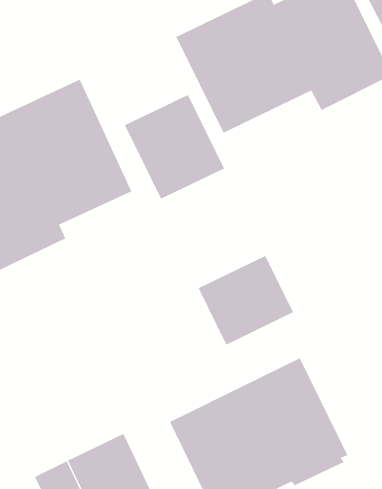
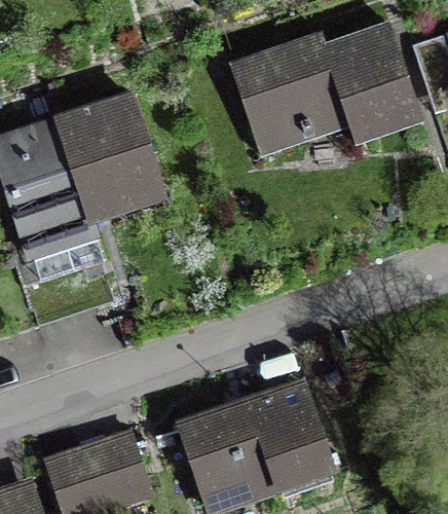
building: [124,94,225,200] -> none
building: [198,255,294,345] -> none

